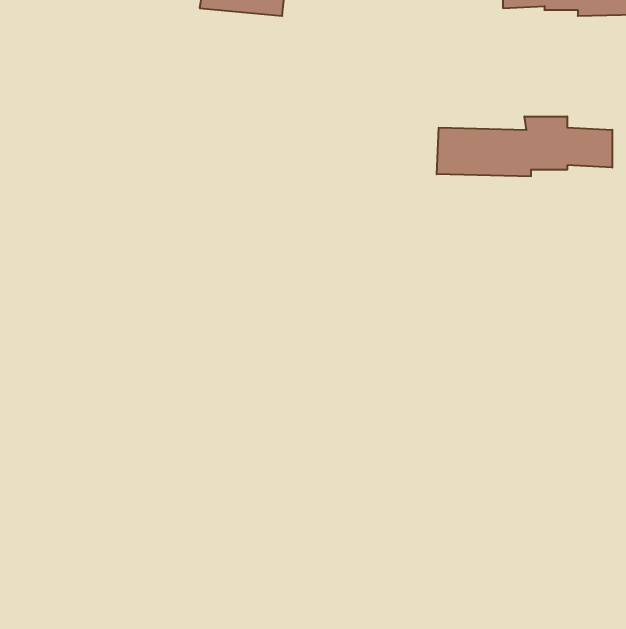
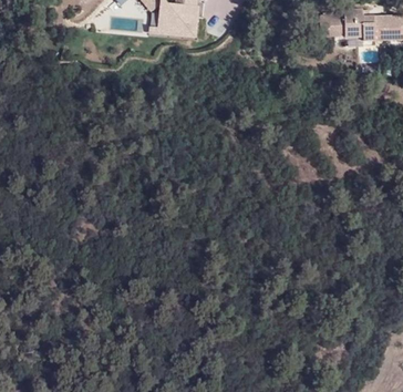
building: [437,116,612,176] -> none

